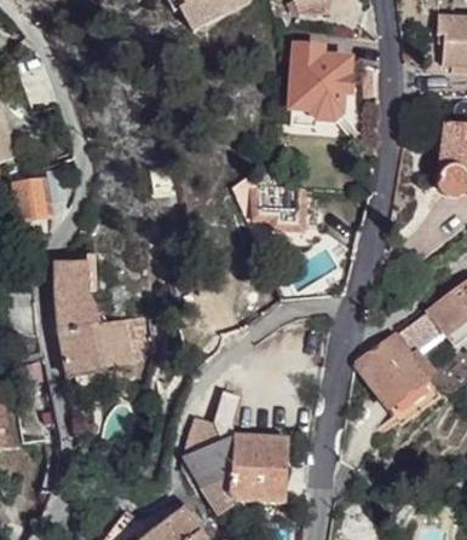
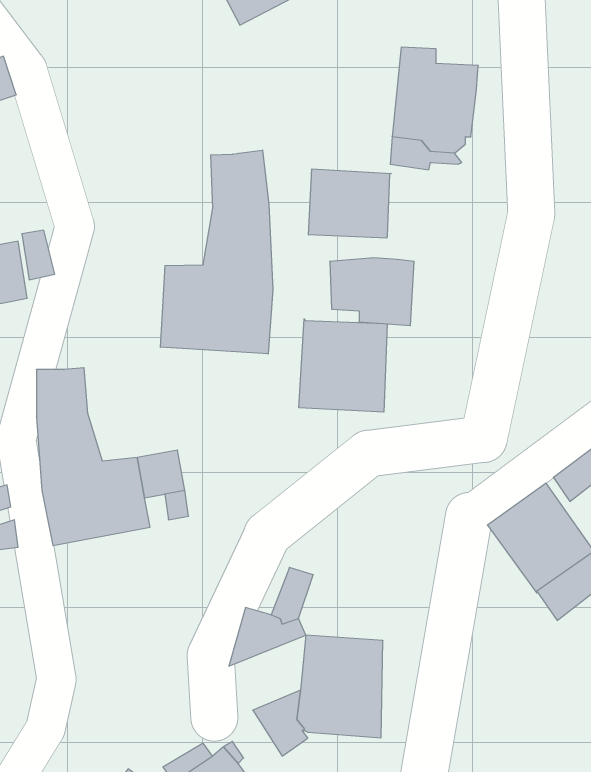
building: none -> [160,150,273,354]
building: none -> [309,169,391,238]
building: none -> [299,319,387,412]
building: [184,435,235,484] -> none

